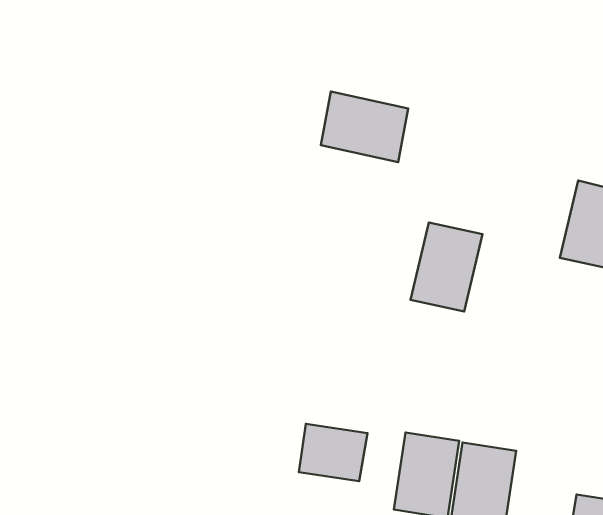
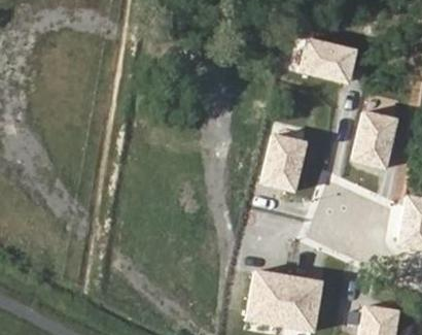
building: [321,92,408,162] -> [301,36,354,79]
building: [299,424,367,481] -> none

